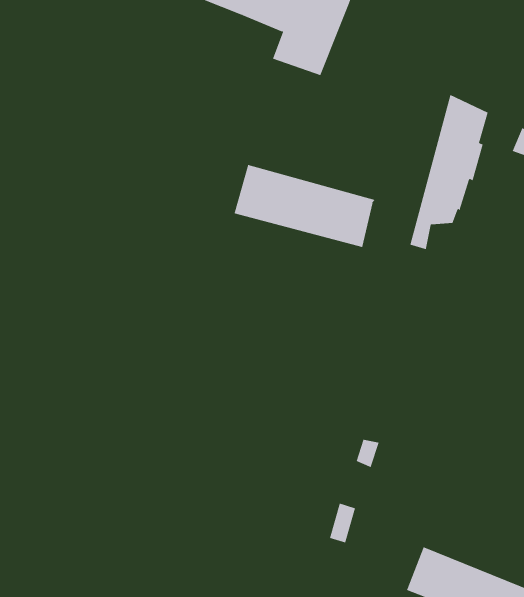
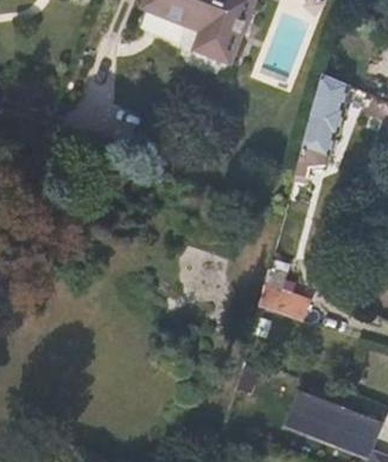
building: [234,164,375,248] -> none
building: none -> [259,261,310,322]

